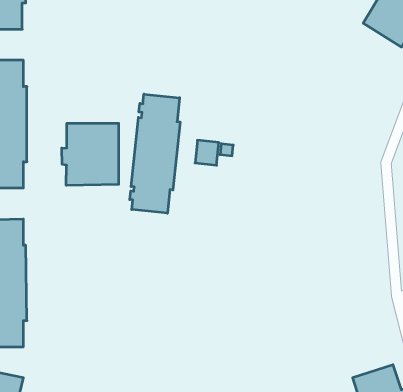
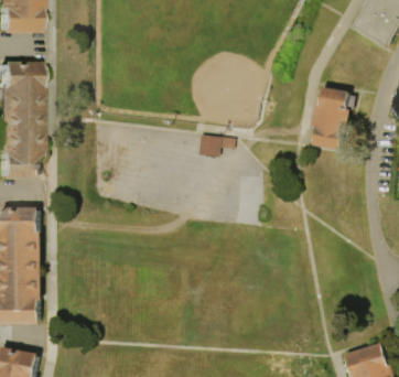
building: none -> [311,87,355,150]
building: [130,94,180,213] -> none
building: [62,123,119,185] -> none

